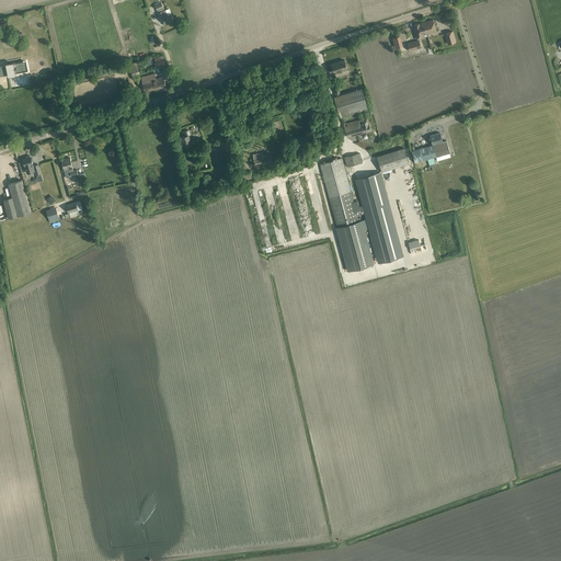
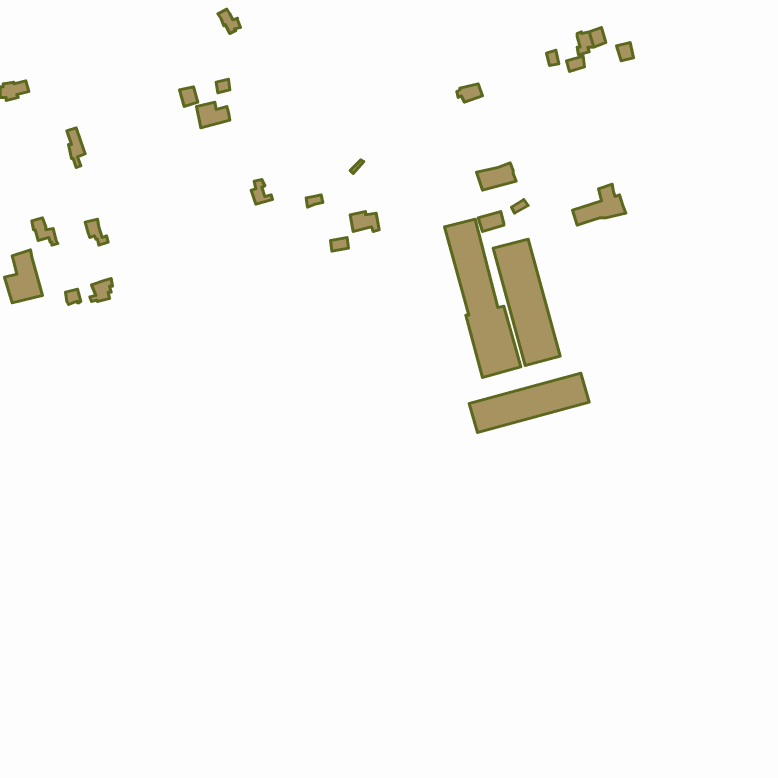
building: [332,81,368,117] -> none
building: [377,148,409,172] -> none
building: none -> [469,373,589,433]

